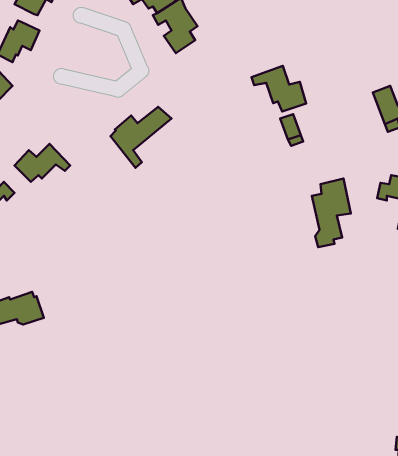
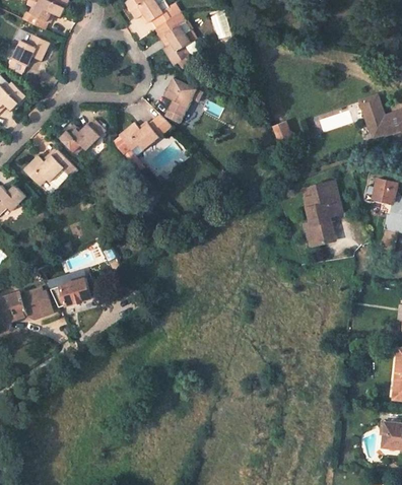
building: [252,66,306,112] -> none
building: none -> [164,78,202,125]
building: none -> [60,119,105,152]
building: none -> [49,278,91,305]

